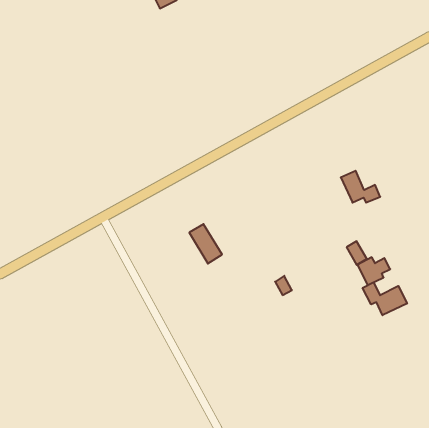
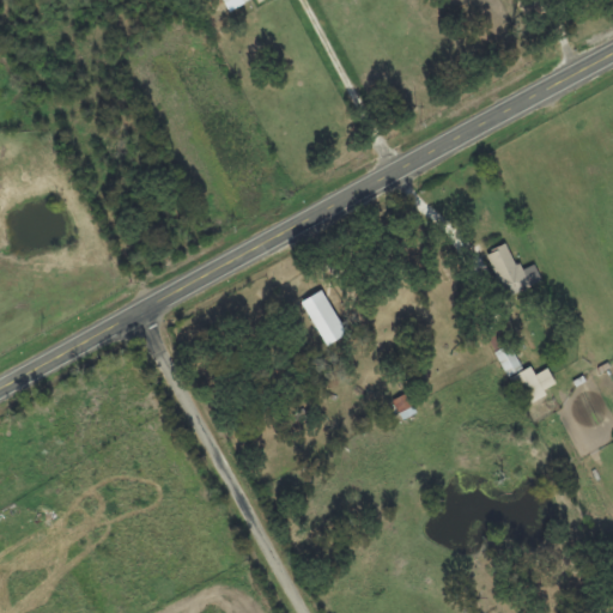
building: [189,224,222,264] -> [299,290,346,346]
building: [363,282,407,315] -> none

